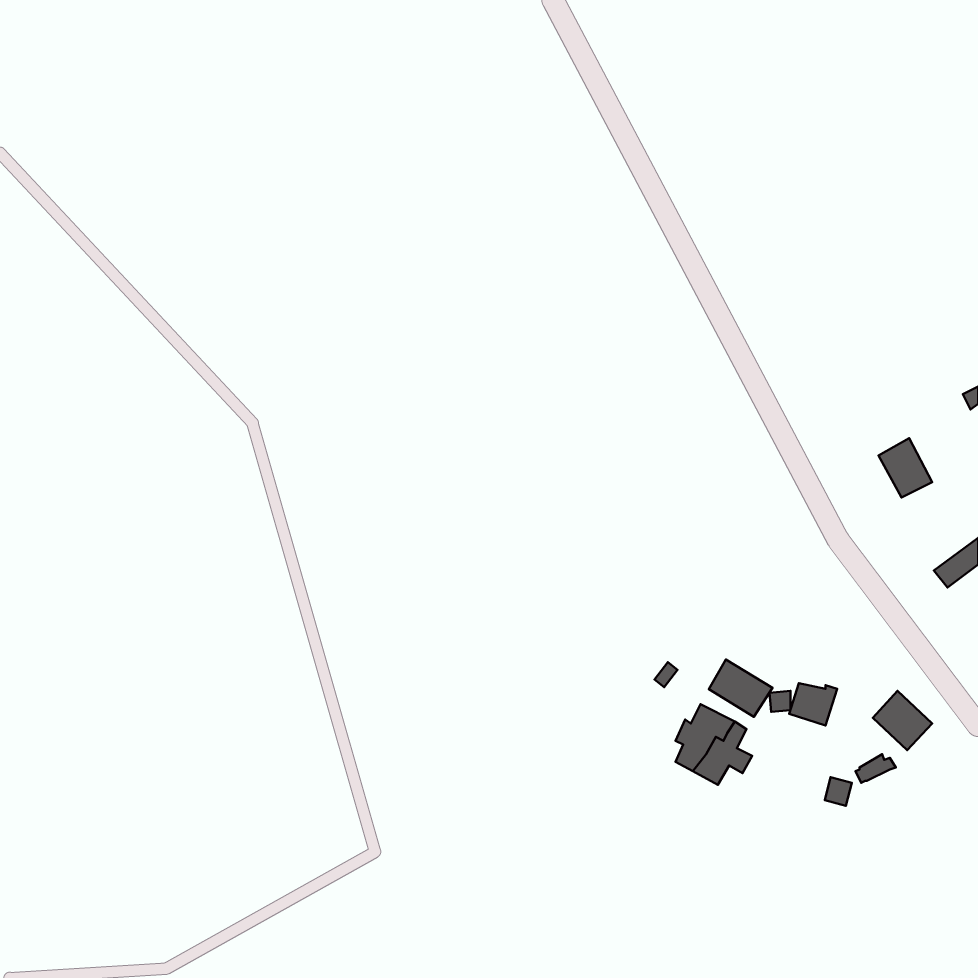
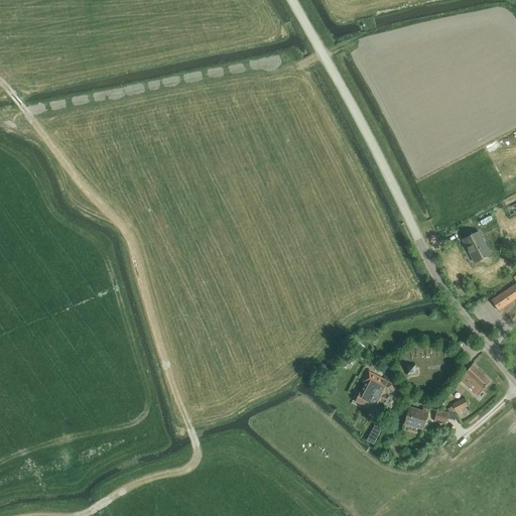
building: [709,660,773,717] -> none
building: [789,683,837,725] -> [404,407,429,429]

